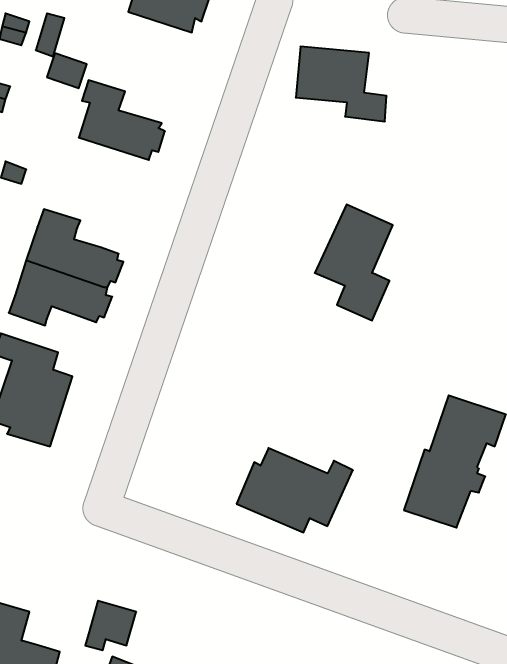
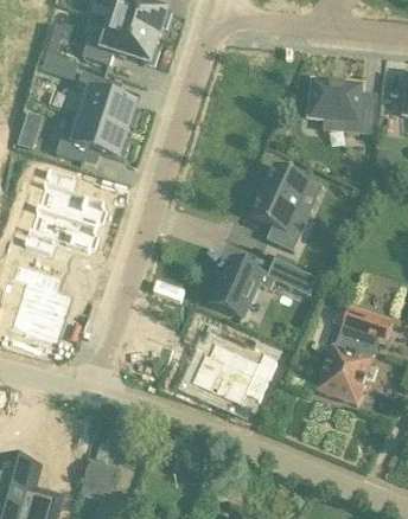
building: none -> [82,20,160,64]
building: [296,47,387,121] -> [308,78,376,134]
building: none -> [56,114,129,161]
building: none -> [212,257,318,315]

